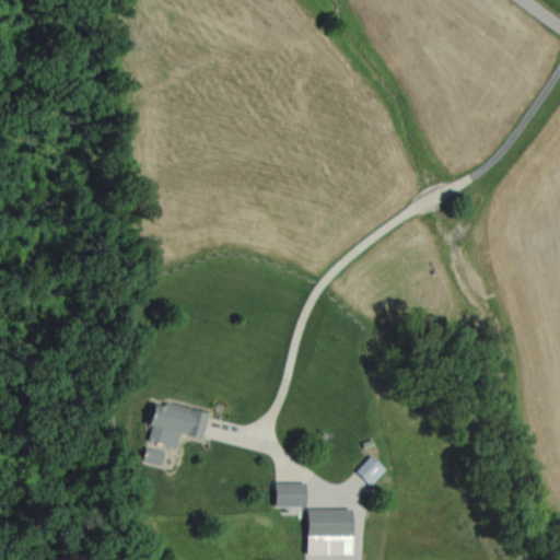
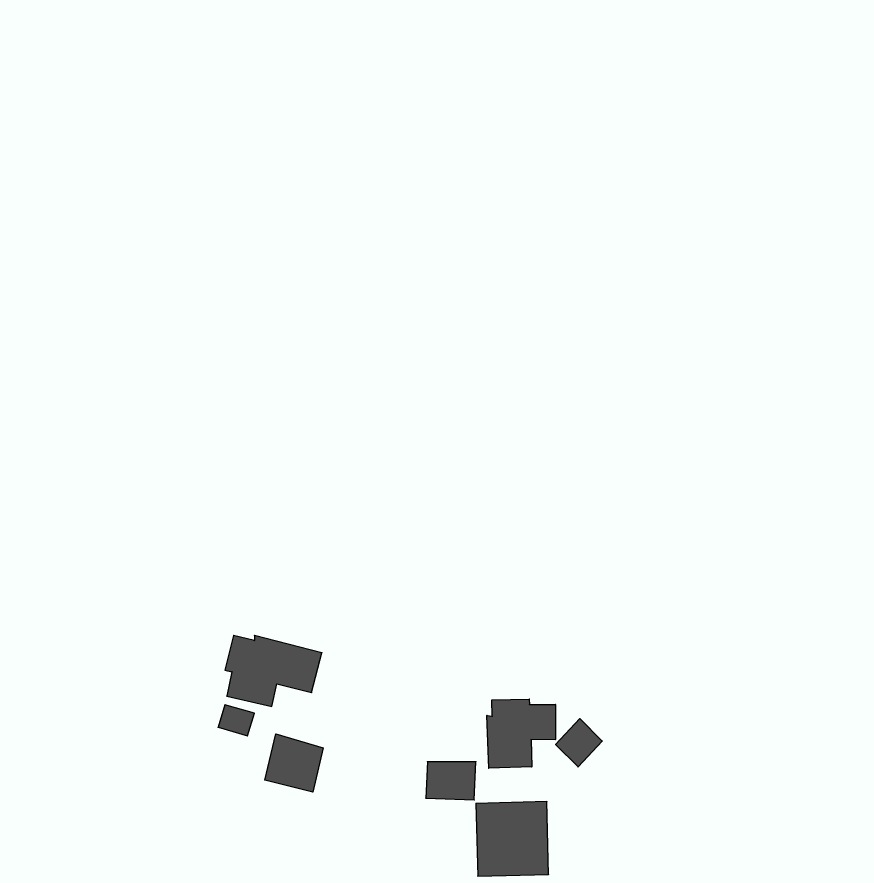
building: none -> [487,699,555,768]
building: none -> [265,734,323,792]

